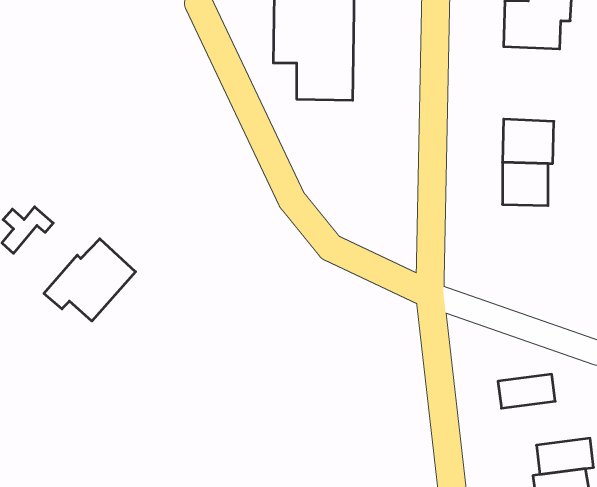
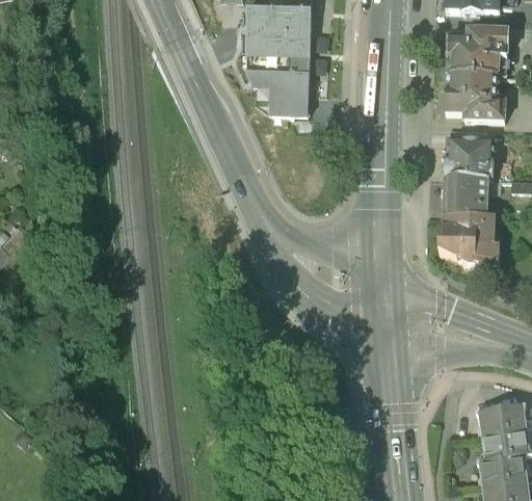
building: none -> [446,72,506,117]
building: none -> [441,212,498,266]
building: [44,239,136,321] -> none
building: [498,374,555,408] -> [474,396,525,426]

